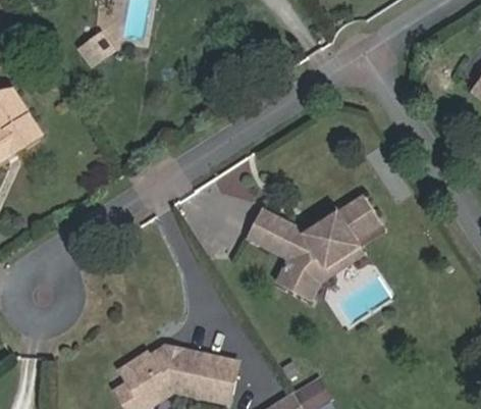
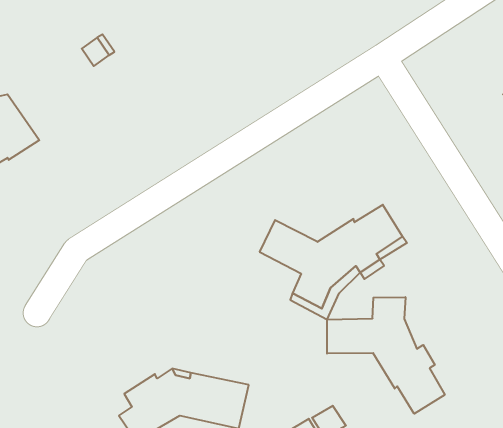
building: none -> [327,297,445,414]

